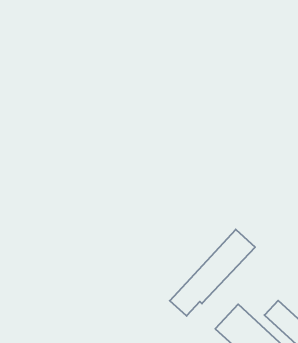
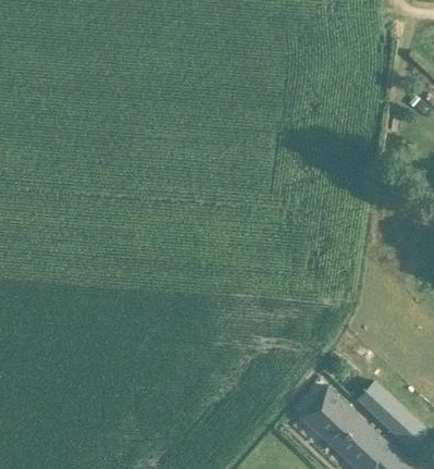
building: [170,229,255,316] -> none

